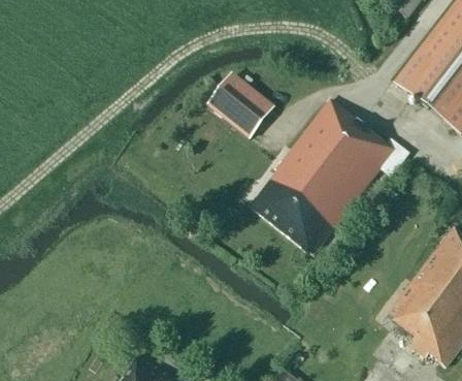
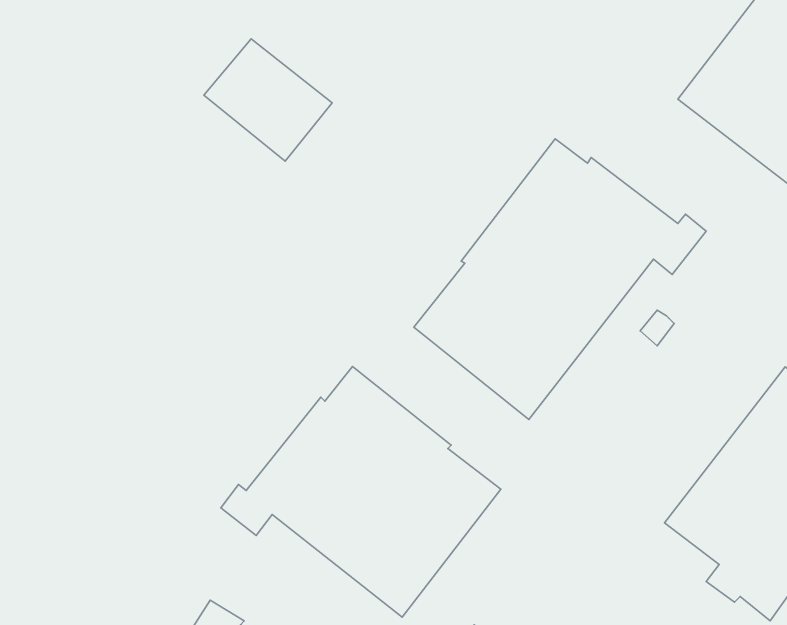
building: [207,72,277,139] -> [204,39,332,161]
building: none -> [221,366,501,617]

